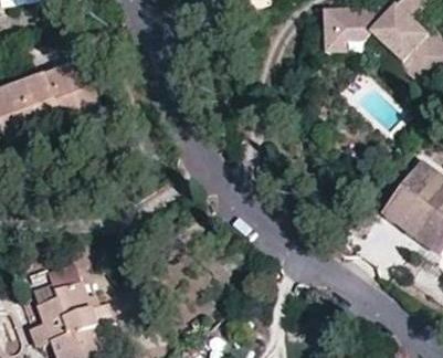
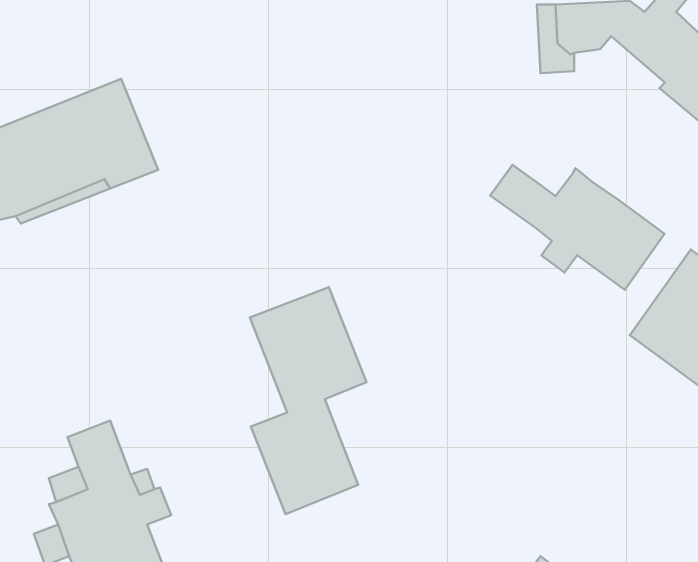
building: none -> [490,165,665,290]
building: none -> [250,287,366,514]

